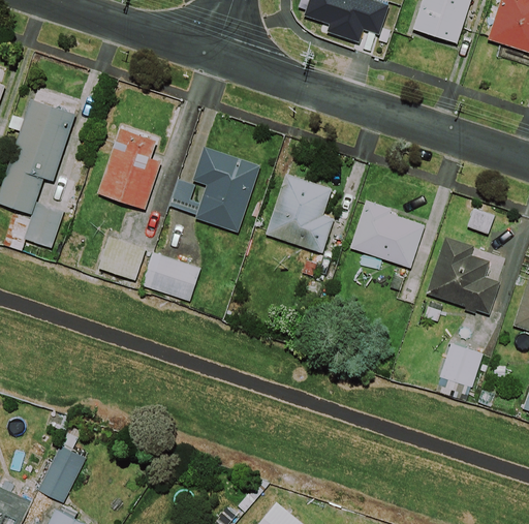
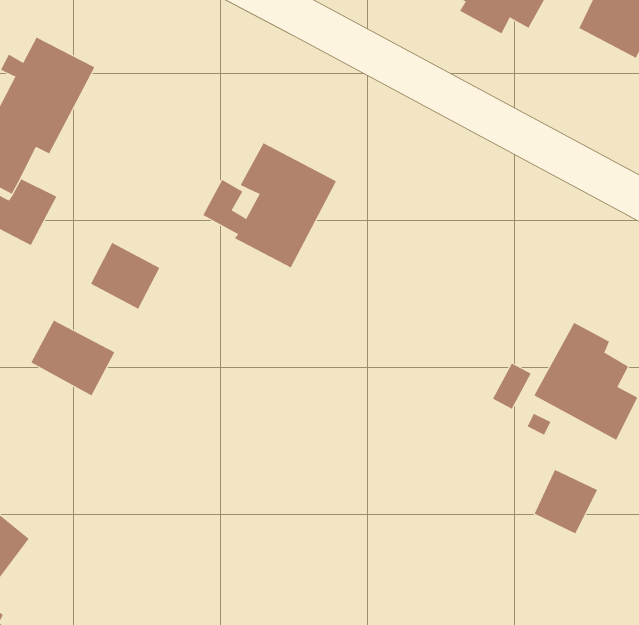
building: [96,129,161,210] -> none
building: [267,174,335,253] -> none
building: [350,201,426,268] -> none
building: [142,252,200,302] -> [30,320,115,396]

